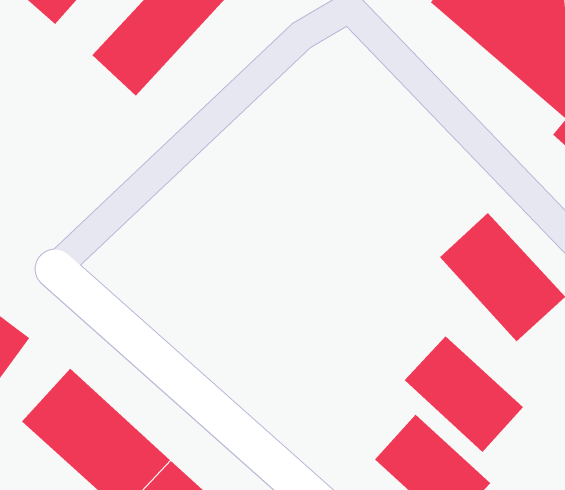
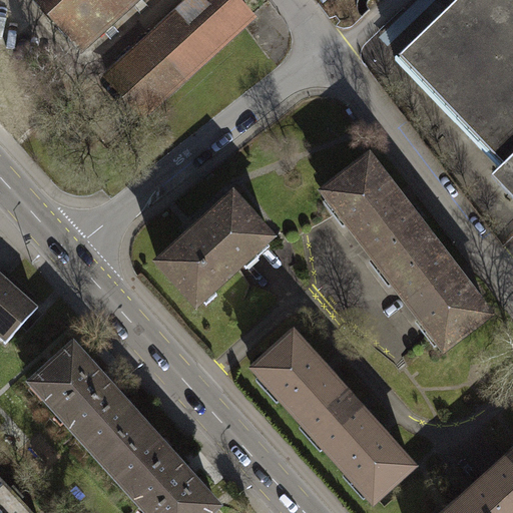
building: none -> [326,159,430,272]
building: none -> [159,197,269,303]
building: [404,336,524,453] -> [255,335,354,436]

